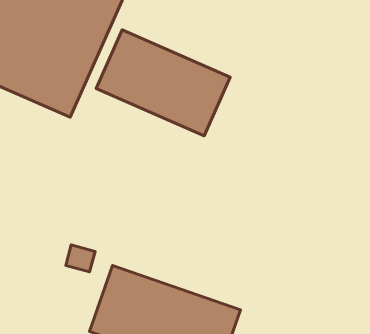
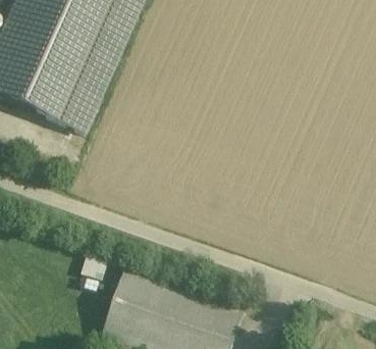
building: [96,30,230,136] -> none

